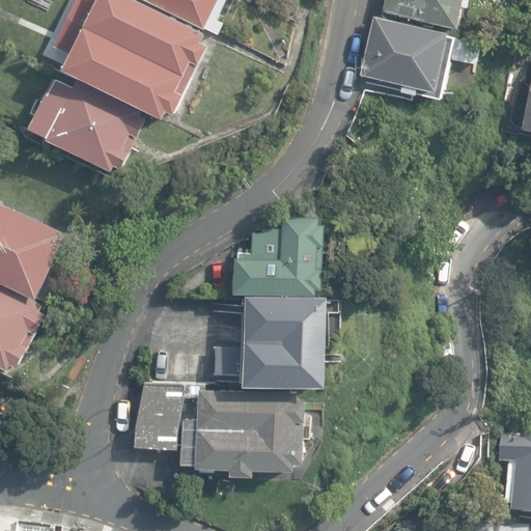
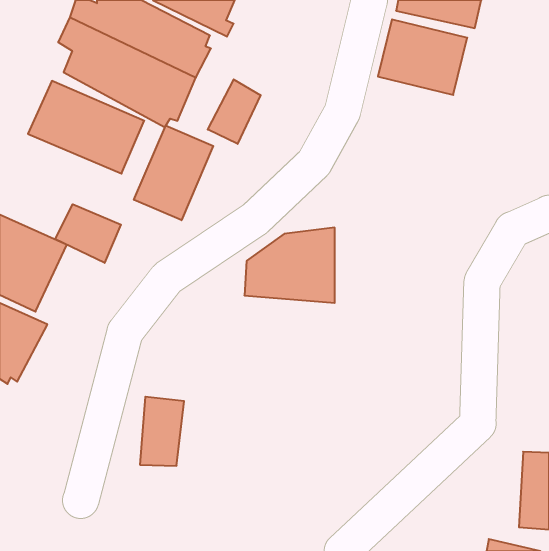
building: none -> [208,79,261,144]
building: none -> [134,126,213,220]
building: none -> [55,204,121,263]
building: [239,297,326,387] -> none
building: [178,388,307,478] -> none

